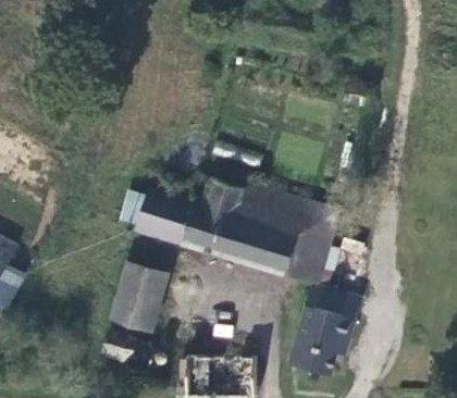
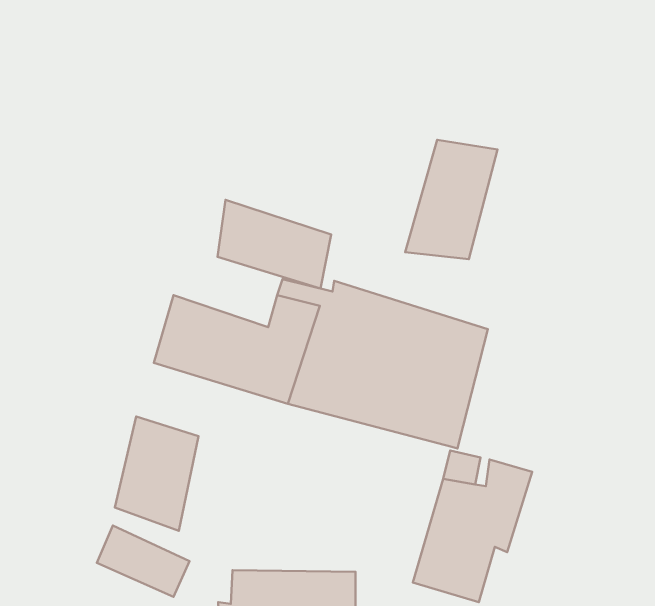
building: none -> [405,140,498,259]
building: none -> [217,200,331,289]

